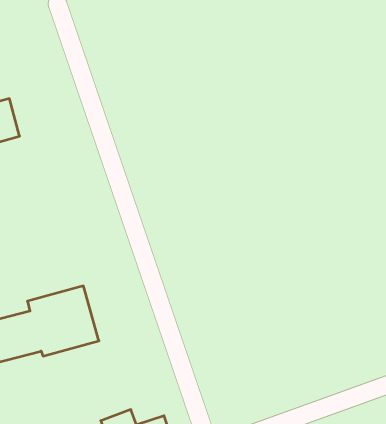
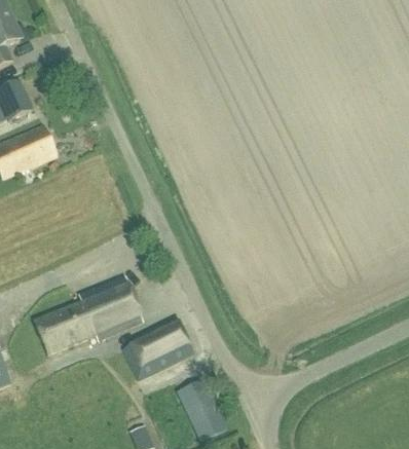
building: none -> [123,322,194,380]

